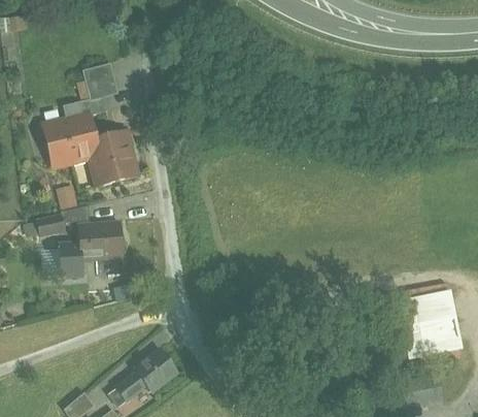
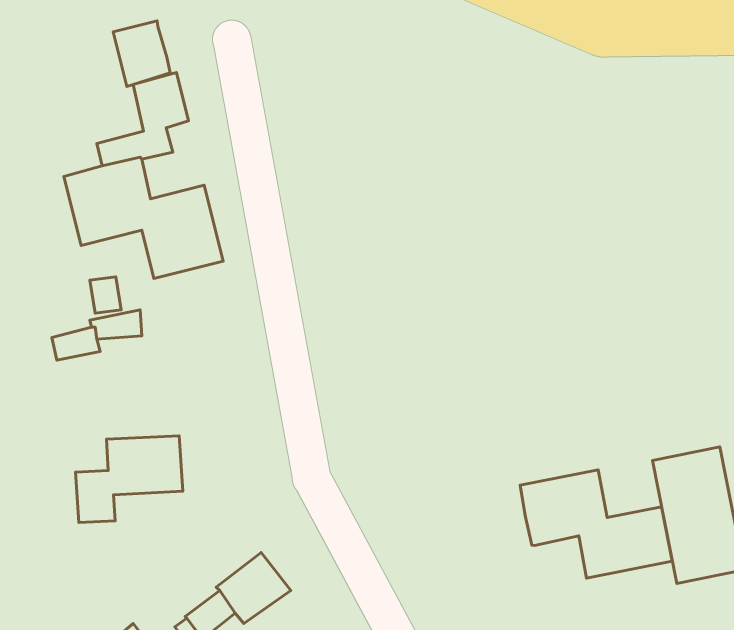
building: none -> [113,21,170,87]
building: [59,223,123,275] -> [75,436,183,522]
building: none -> [520,470,672,578]

